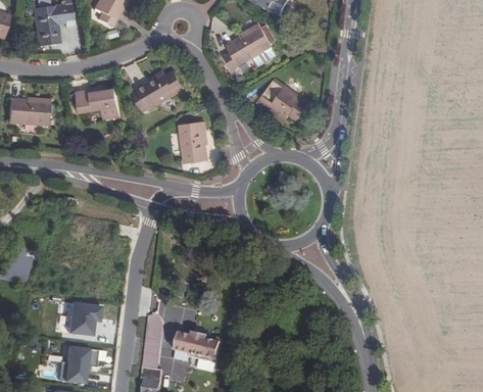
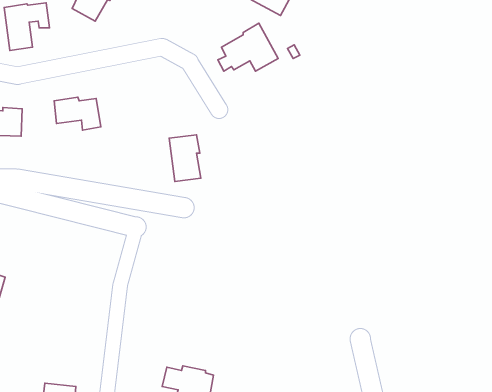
building: [136,71,184,109] -> none
building: [260,78,309,121] -> none
building: [69,301,100,333] -> none

